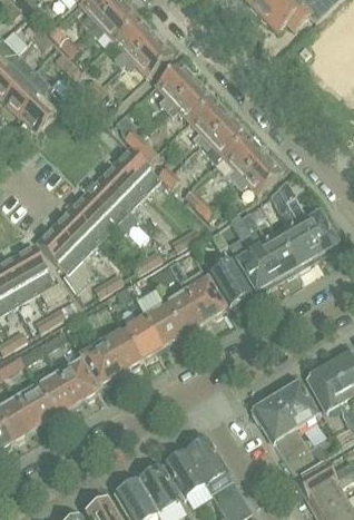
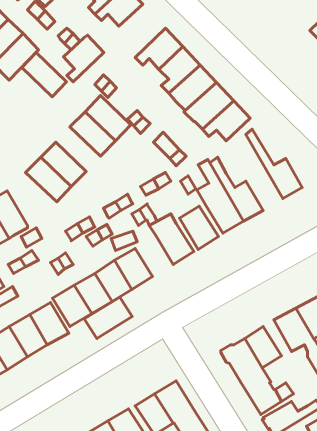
building: [154,60,195,108] -> [64,35,104,82]
building: [82,179,128,225] -> [22,52,66,97]
building: [269,187,315,265] -> none
building: [36,226,83,273] -> none
building: [164,291,203,333] -> none
building: none -> [84,297,132,338]

